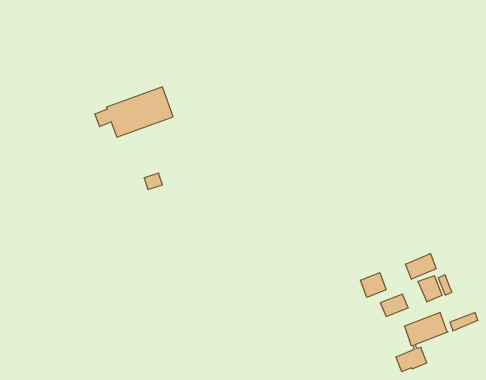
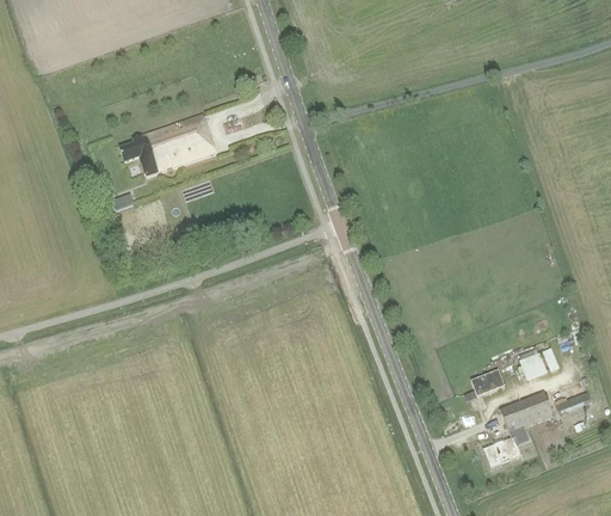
building: [406,253,436,279] -> none
building: [361,273,386,297] -> none

